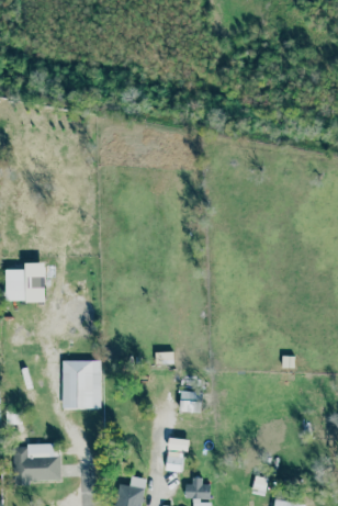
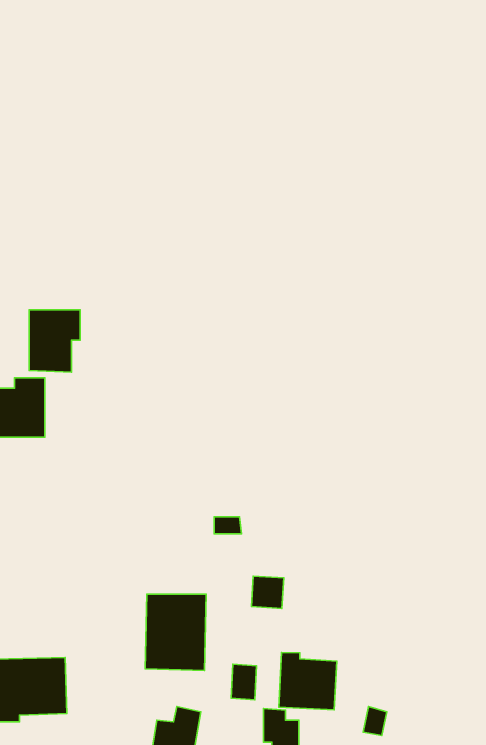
building: none -> [29,310,80,372]
building: [63,360,102,409] -> [145,594,206,671]
building: none -> [279,653,337,710]

